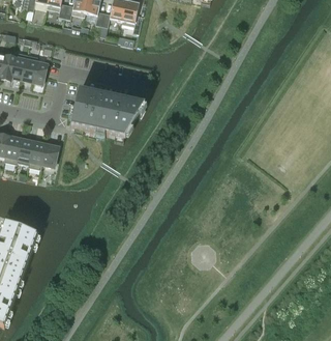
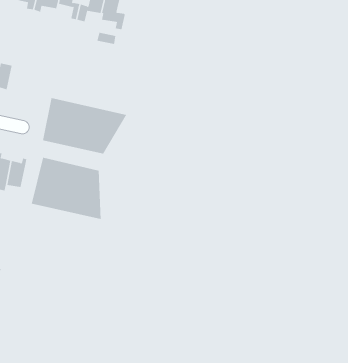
building: none -> [31,157,101,220]

